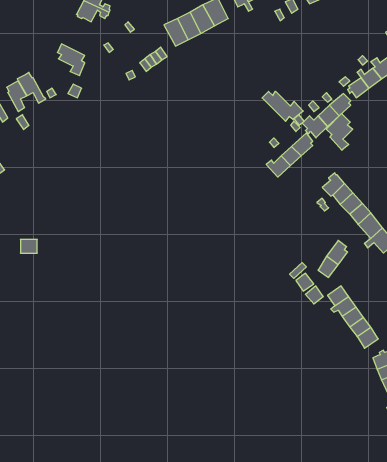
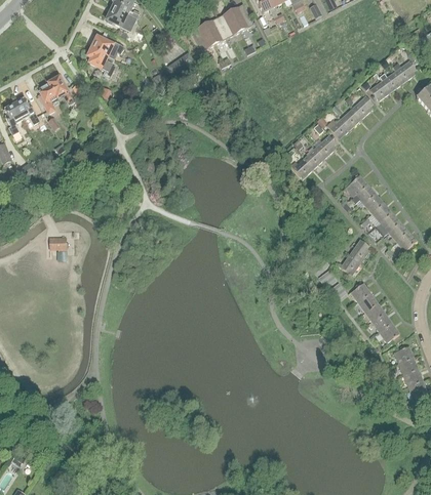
building: none -> [89,36,123,58]
building: [262,91,303,121] -> none
building: [326,114,353,150] -> none

